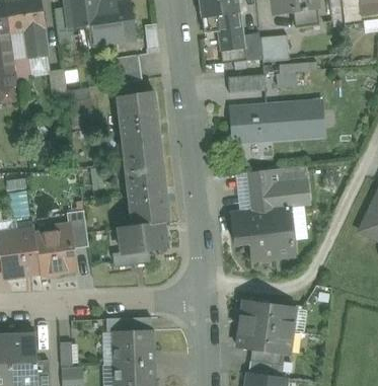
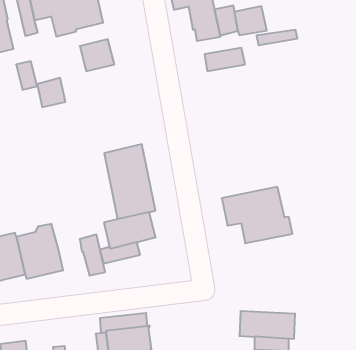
building: [117,90,161,162] -> none
building: [230,100,324,143] -> none
building: [236,168,310,214] -> none
building: [67,210,88,248] -> [80,234,105,276]
building: [240,301,295,330] -> none

